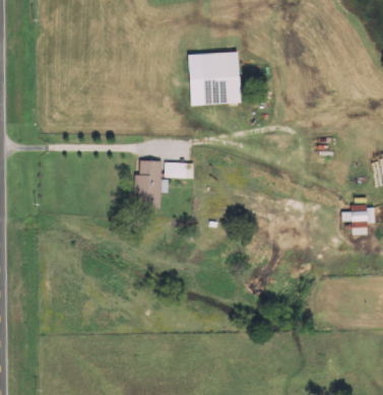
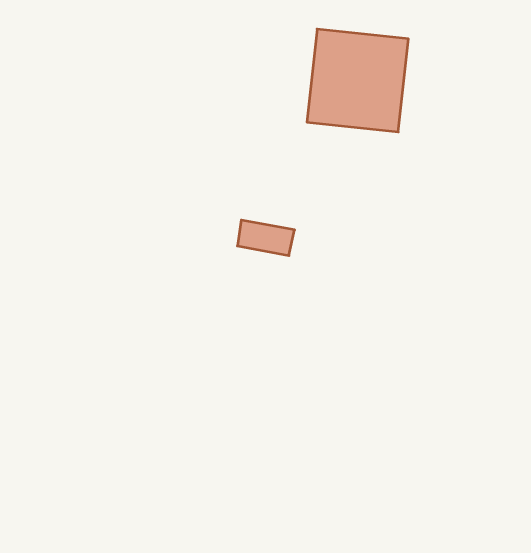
building: [135,160,161,207] -> none

